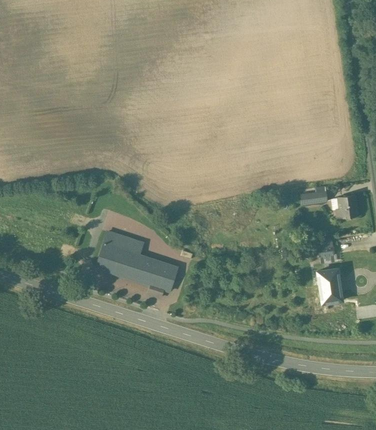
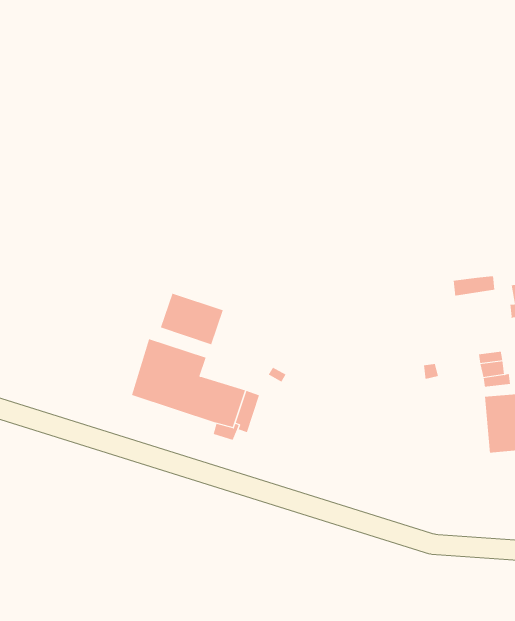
building: none -> [160,293,224,345]

